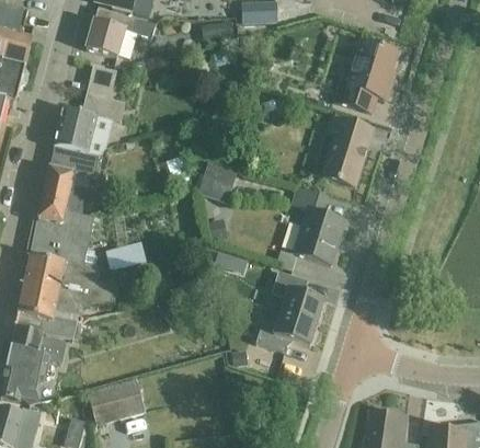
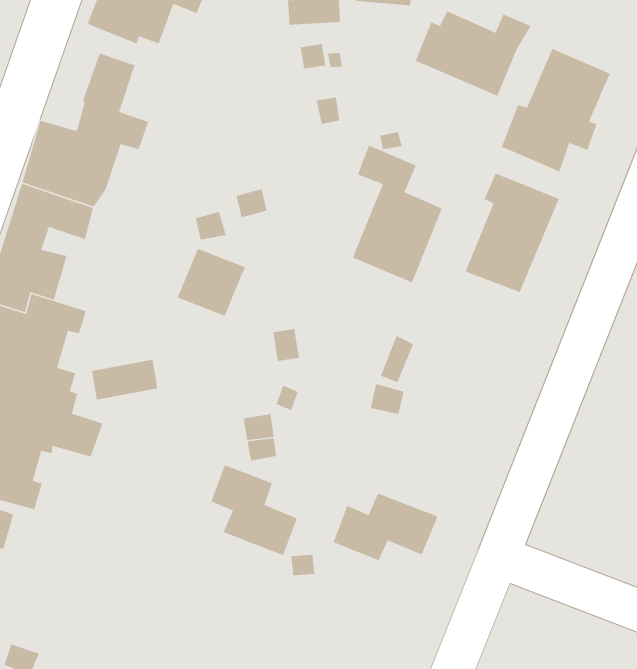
building: none -> [415,10,532,97]
building: [198,162,238,202] -> [177,248,246,317]
building: [292,185,344,265] -> [352,144,443,283]
building: [271,271,323,322] -> [210,464,298,556]
building: [87,378,144,424] -> none

